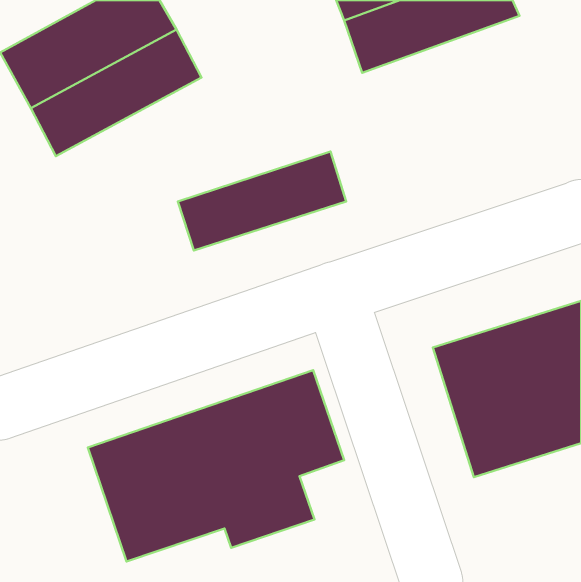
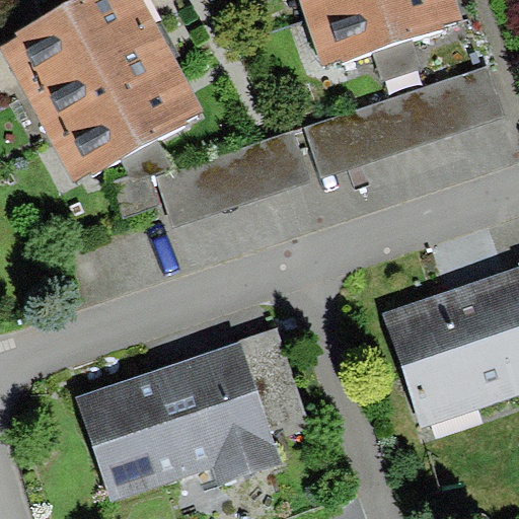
building: none -> [303,64,505,178]
building: none -> [50,69,202,180]

